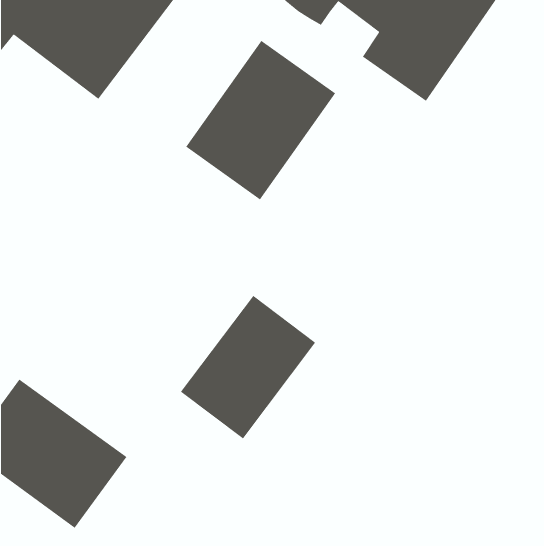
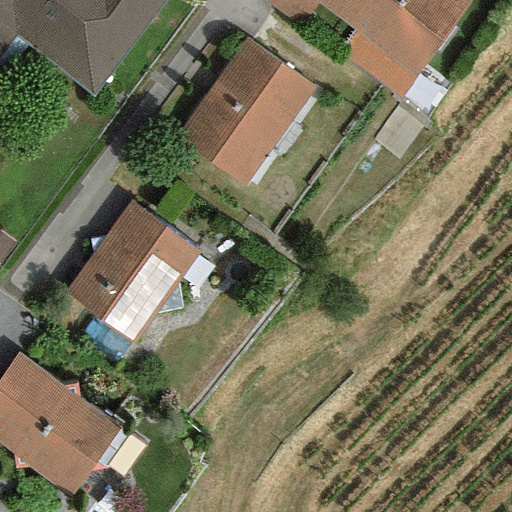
building: none -> [65,201,200,341]
building: [180,295,316,439] -> none

